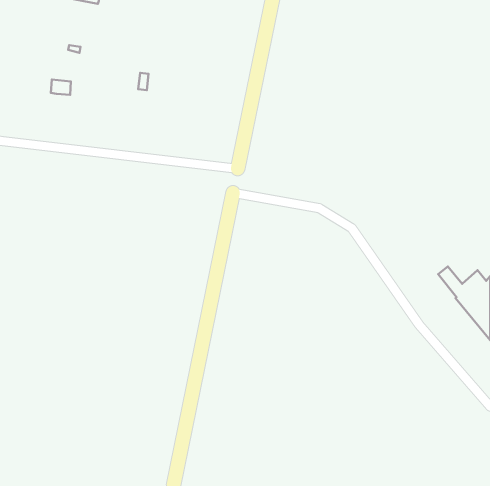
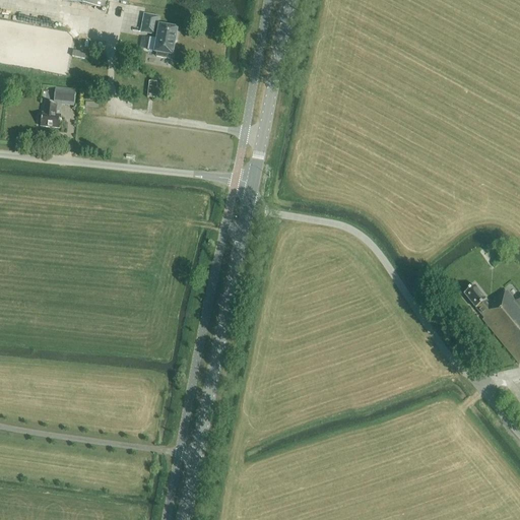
building: none -> [142,12,177,56]
building: none -> [41,99,61,125]

